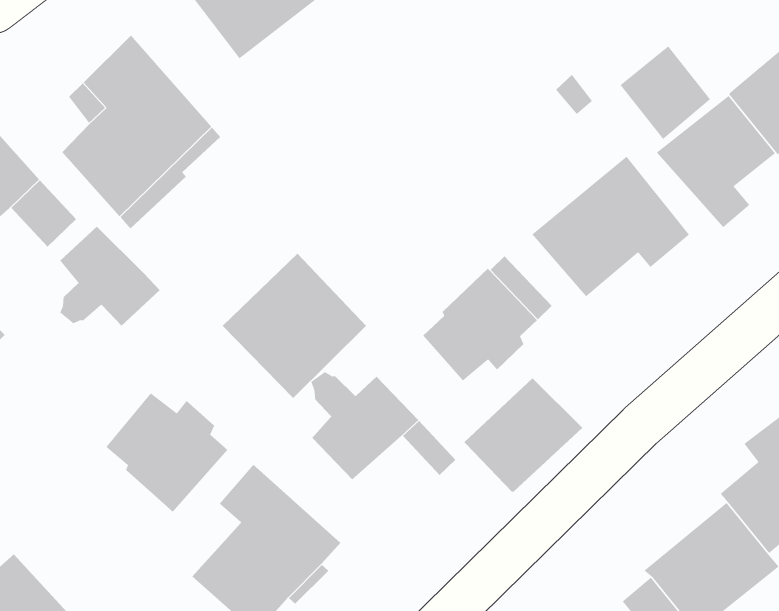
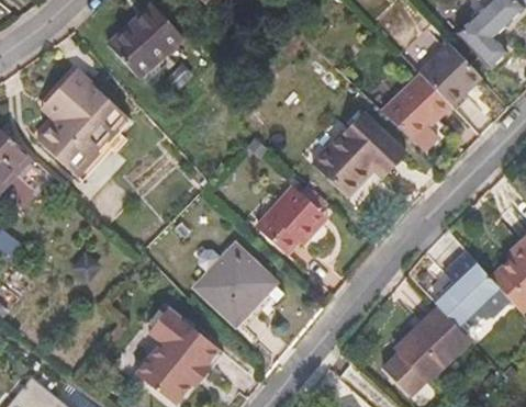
building: [620,45,711,140] -> none
building: [59,226,161,326] -> none
building: [222,253,367,399] -> none
building: [463,377,583,493] -> none
building: [106,393,228,513] -> none

